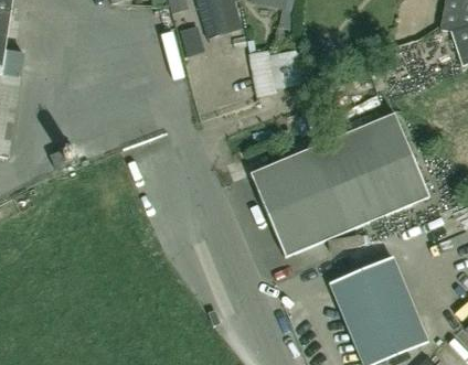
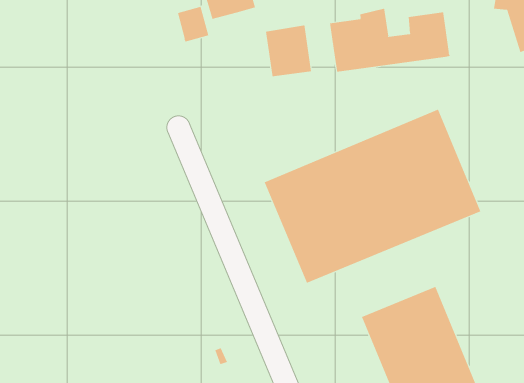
building: none -> [330,8,450,72]

